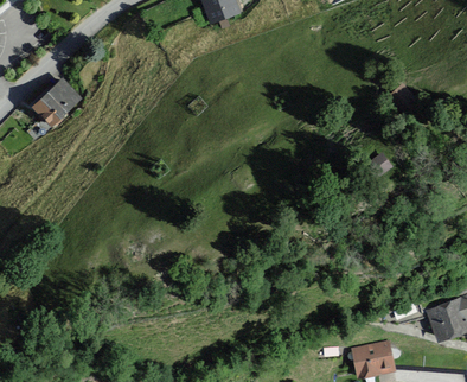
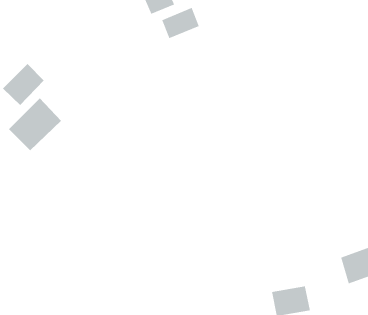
building: none -> [161,7,200,39]
building: none -> [8,98,62,151]

